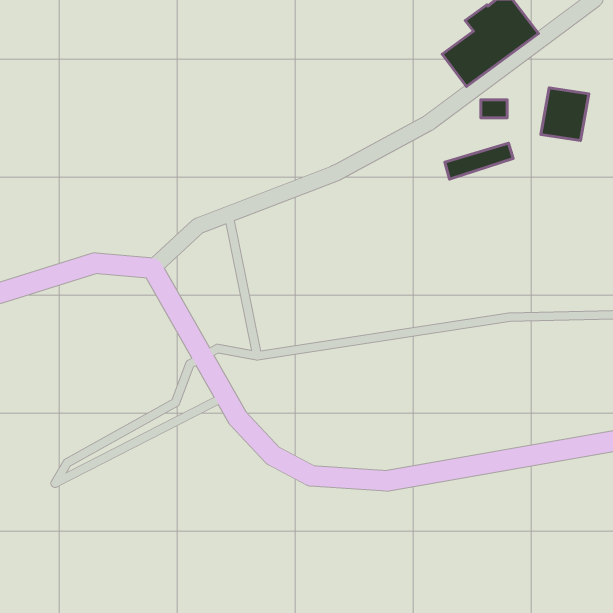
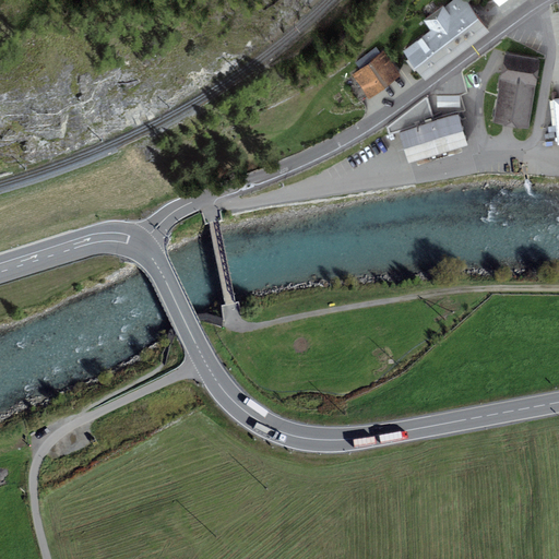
building: none -> [352,46,401,97]
building: none -> [499,53,539,85]
building: none -> [399,114,462,147]

